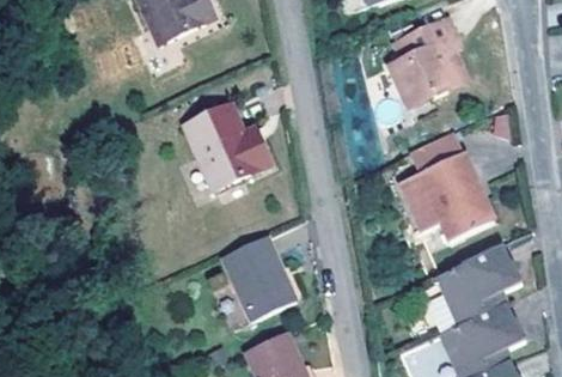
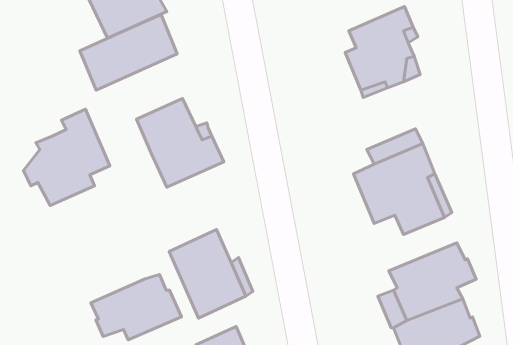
building: none -> [80,14,177,90]
building: none -> [23,109,110,206]
building: none -> [91,275,182,340]

